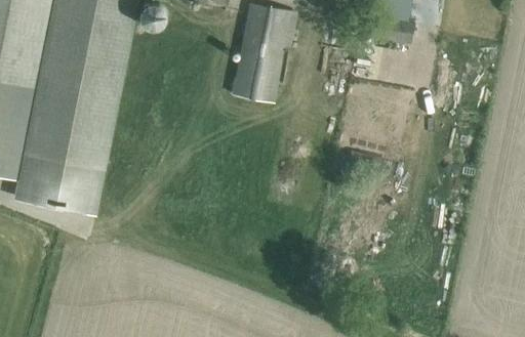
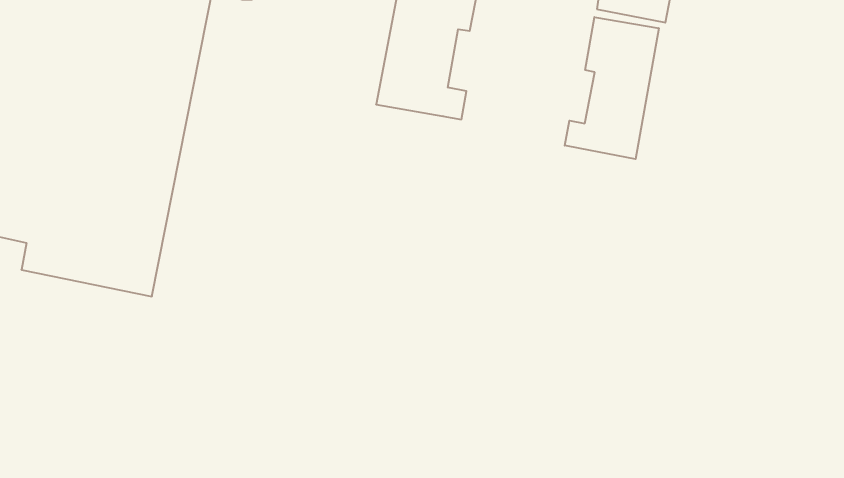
building: none -> [565,17,659,159]

